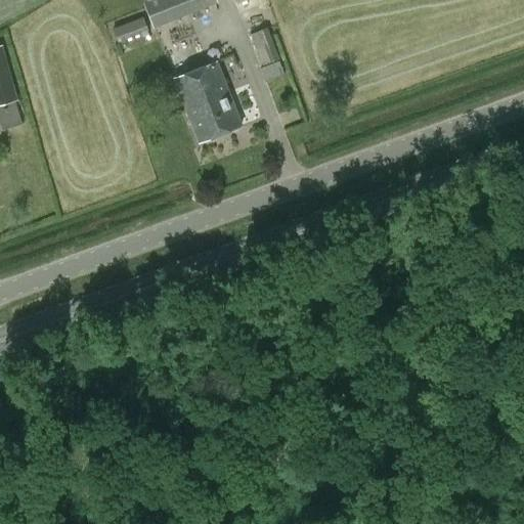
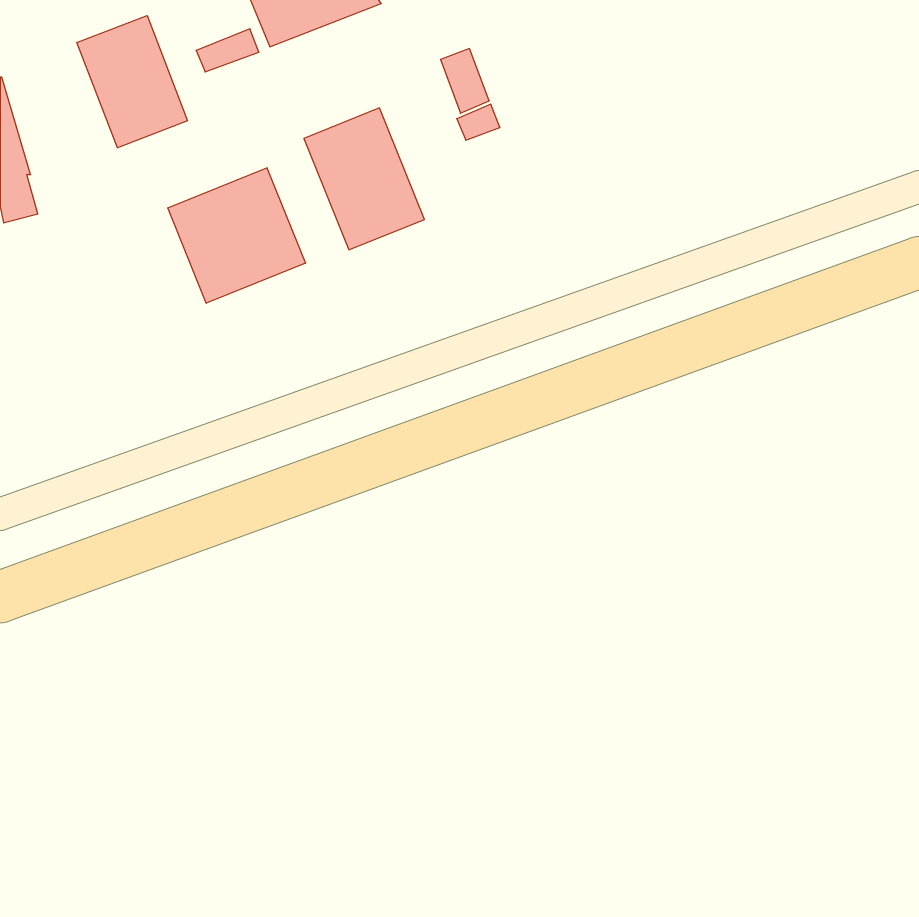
building: none -> [77,16,188,148]
building: none -> [168,168,305,303]

